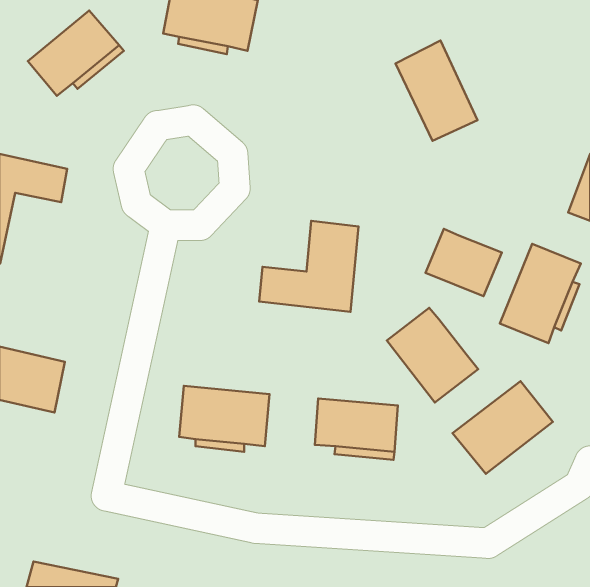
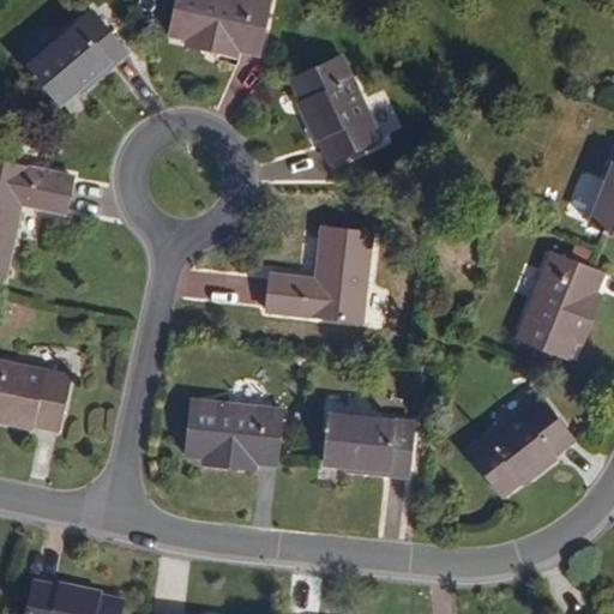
building: [395,40,477,141] -> [293,56,378,161]
building: [426,229,502,296] -> none
building: [387,308,478,403] -> none

